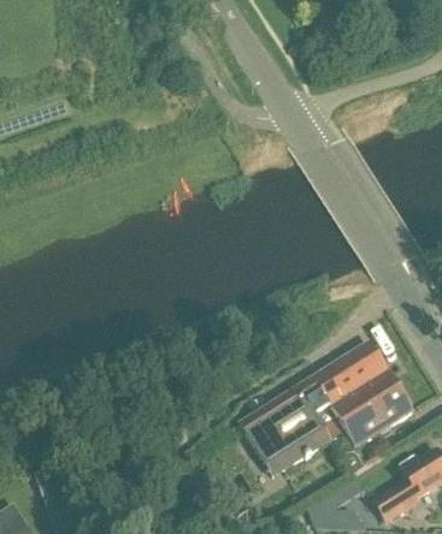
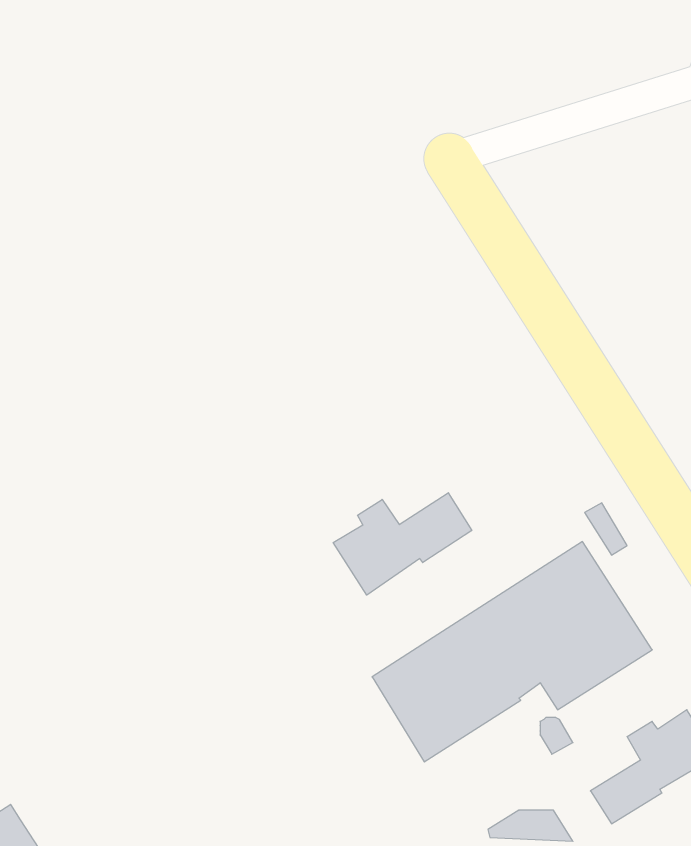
building: none -> [333,493,472,595]

